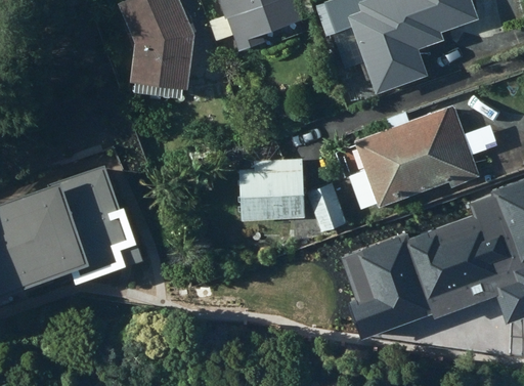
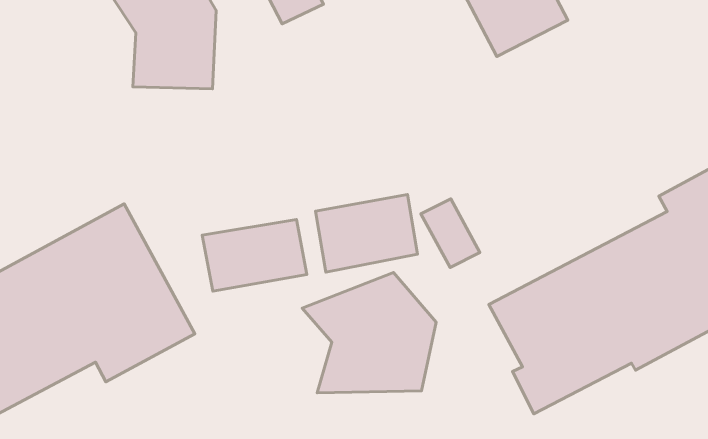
building: [357,106,477,206] -> none
building: none -> [202,220,307,291]
building: none -> [302,273,436,393]

